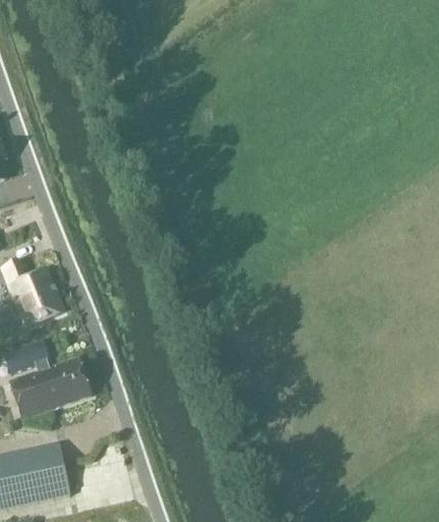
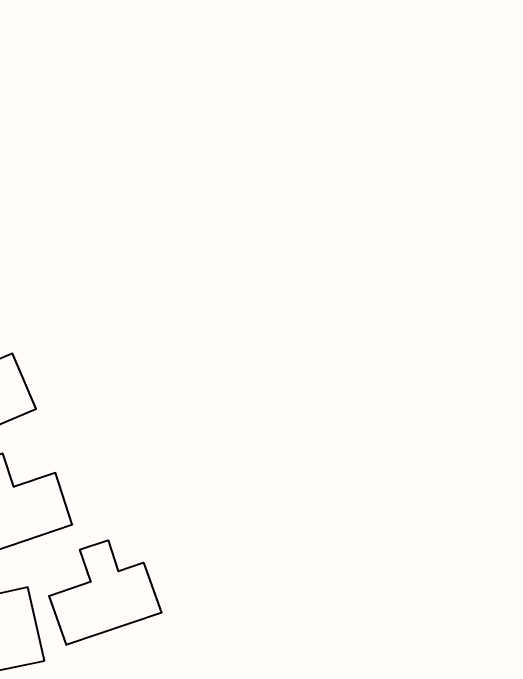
building: none -> [49,540,162,645]

